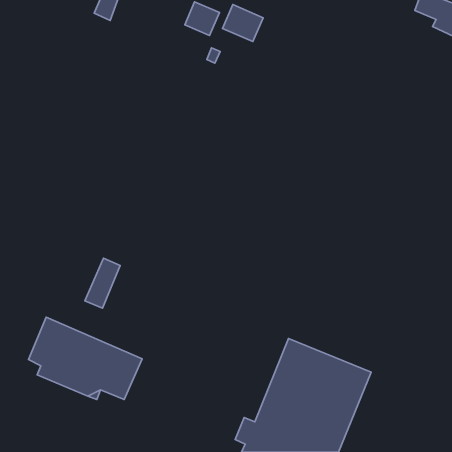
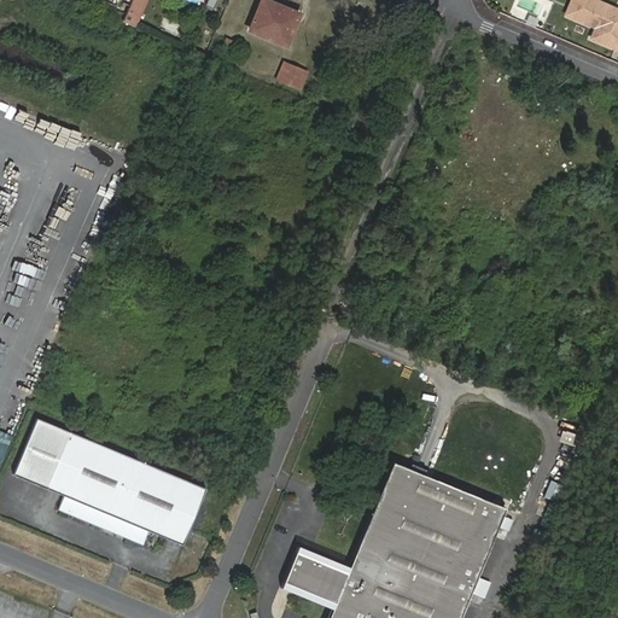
building: [222,5,263,42] -> none
building: [85,258,120,308] -> [17,421,65,489]
building: none -> [286,553,334,597]

